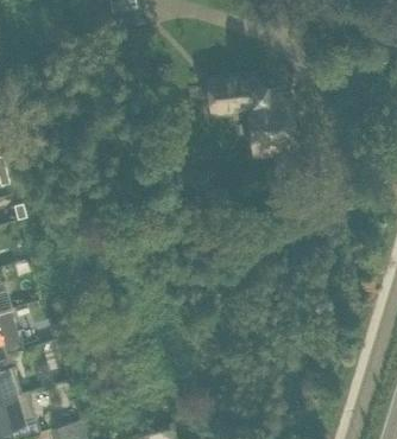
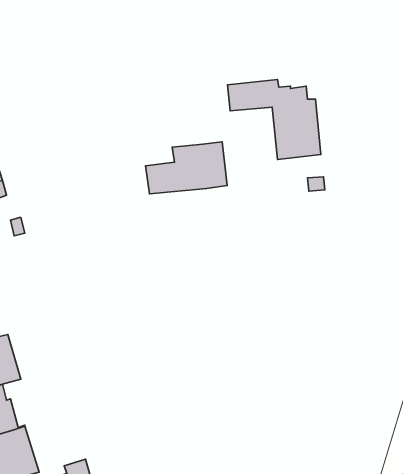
building: none -> [146,142,227,194]

